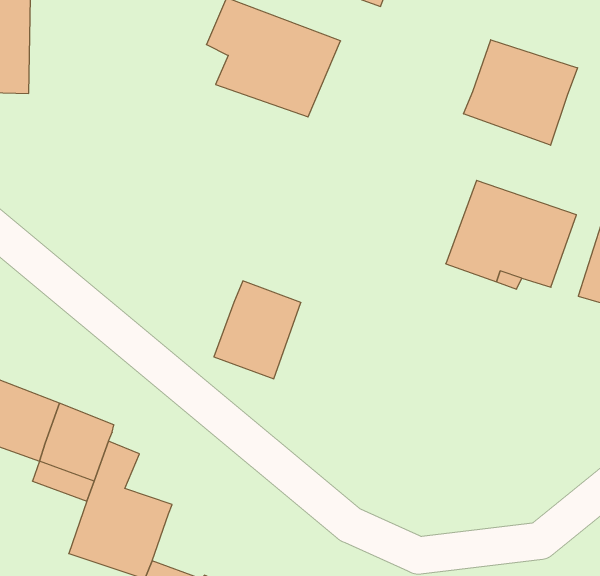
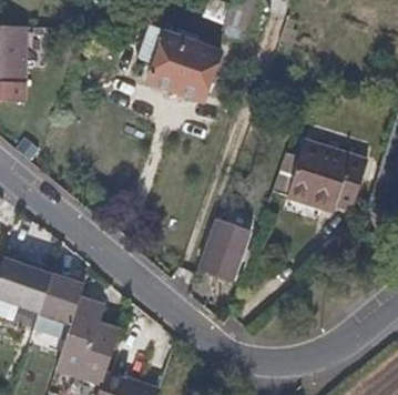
building: [464,40,578,145] -> none
building: [214,281,301,379] -> [197,220,251,280]

